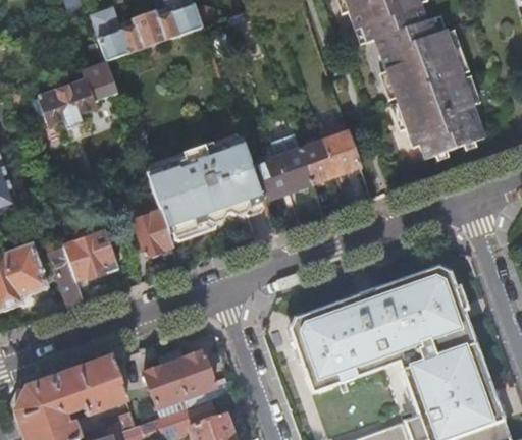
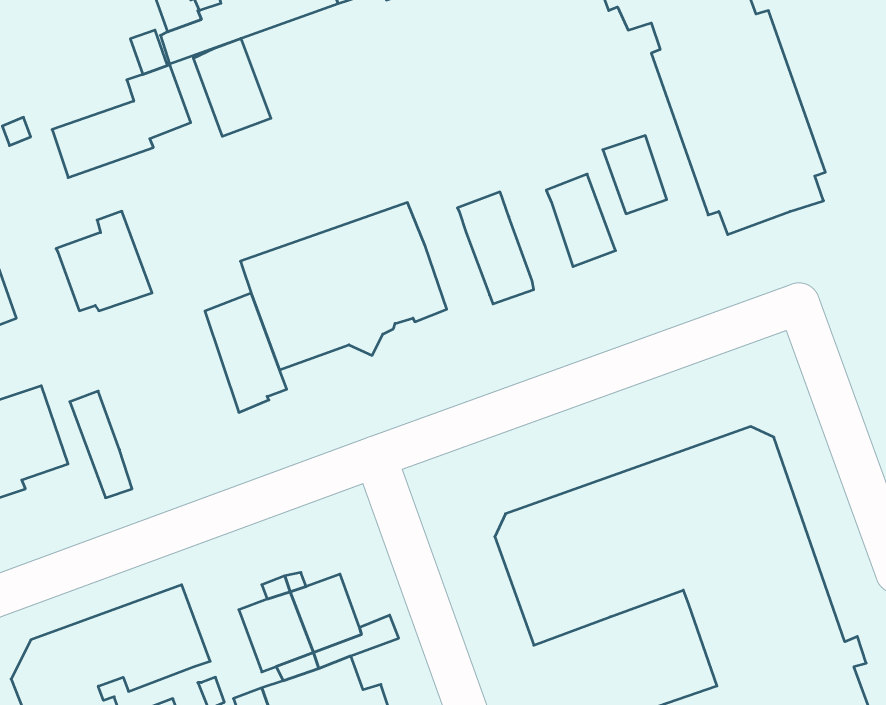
building: none -> [193,38,271,136]
building: [300,139,336,183] -> [603,136,667,214]
building: [252,144,289,200] -> none
building: [63,223,118,280] -> [56,211,152,311]

